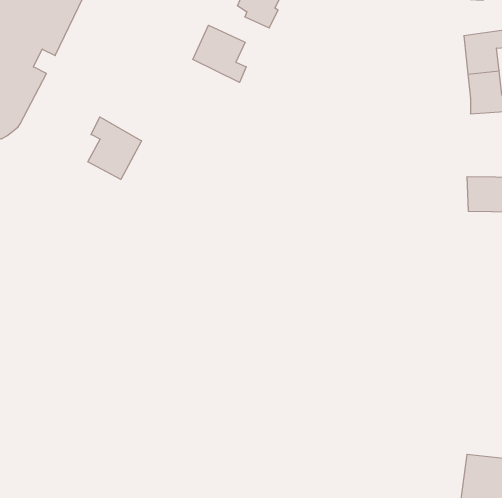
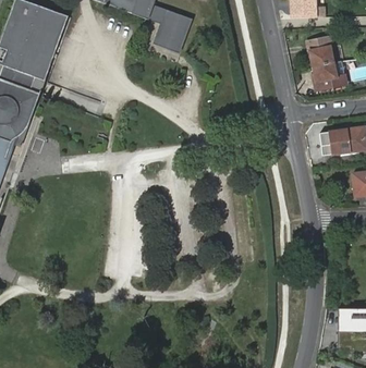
building: [193,25,246,82] -> none
building: [88,117,142,179] -> none

